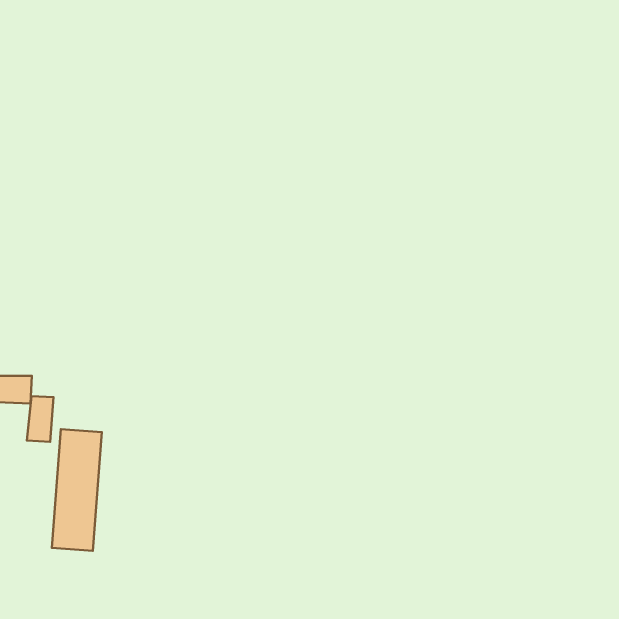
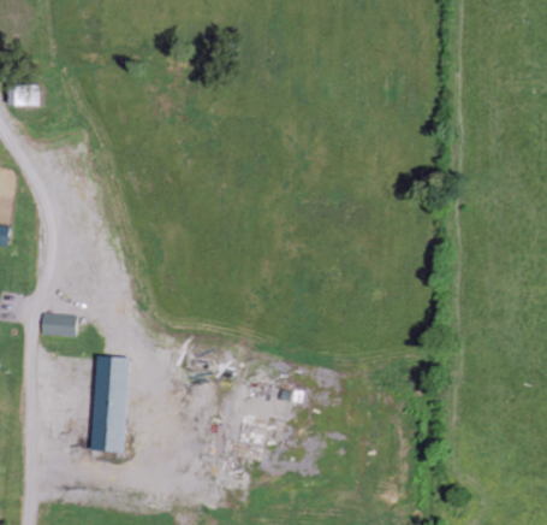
building: [27,396,54,442] -> none

